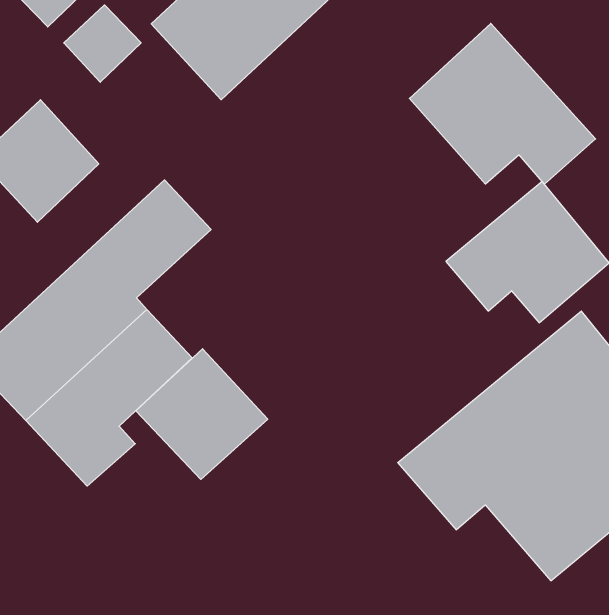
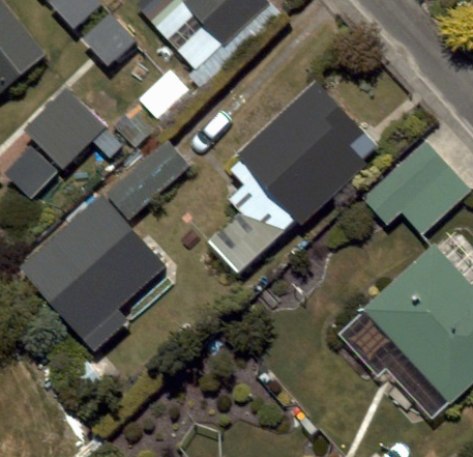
building: [409,23,596,184] -> none
building: none -> [205,85,367,277]
building: [136,349,268,479] -> none

